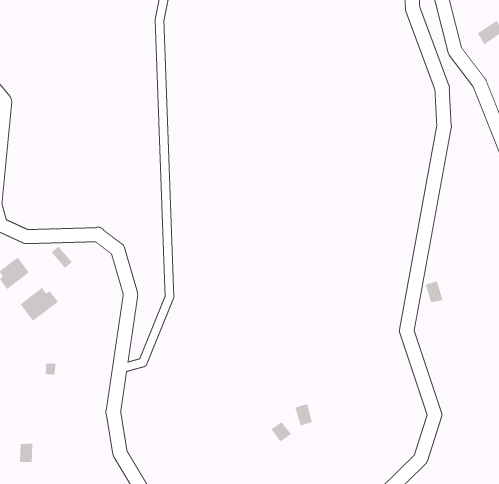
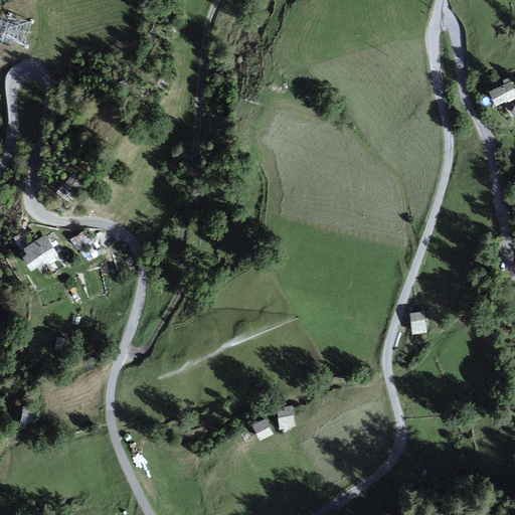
building: [20,287,59,322] -> none

